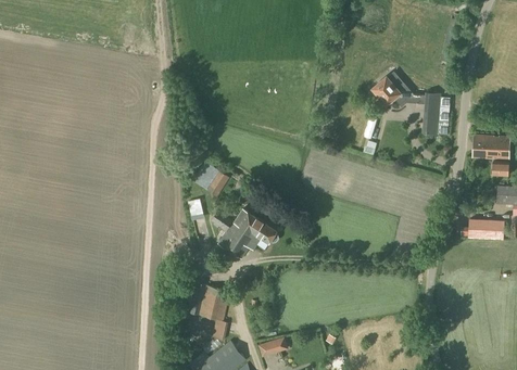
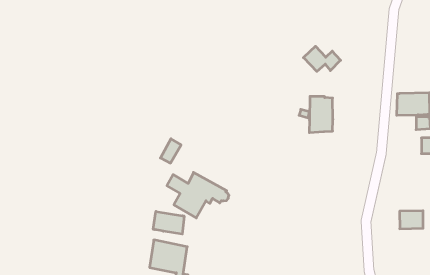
building: [421,94,450,135] -> [309,96,333,133]
building: [468,218,495,239] -> [400,211,423,229]
building: none -> [153,211,184,234]

